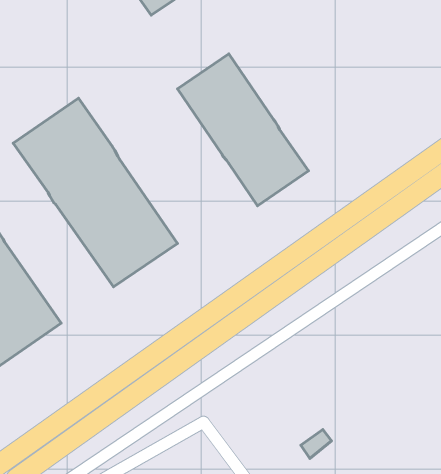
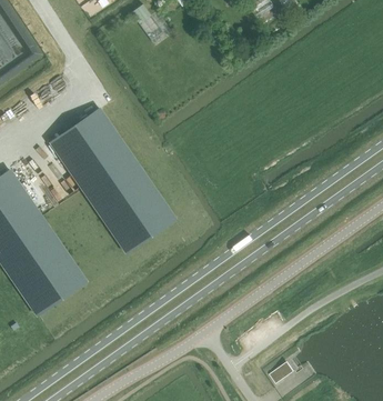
building: [178,54,309,206] -> none

